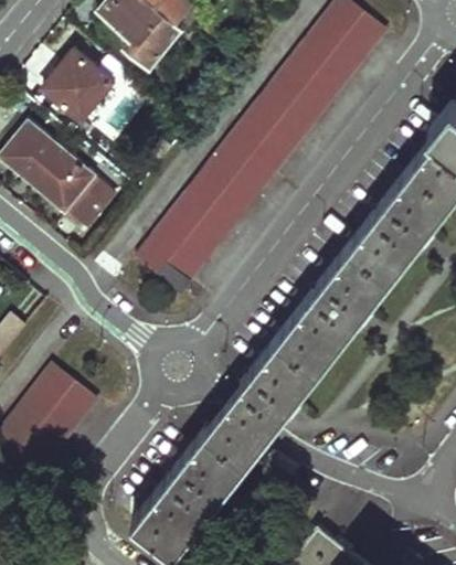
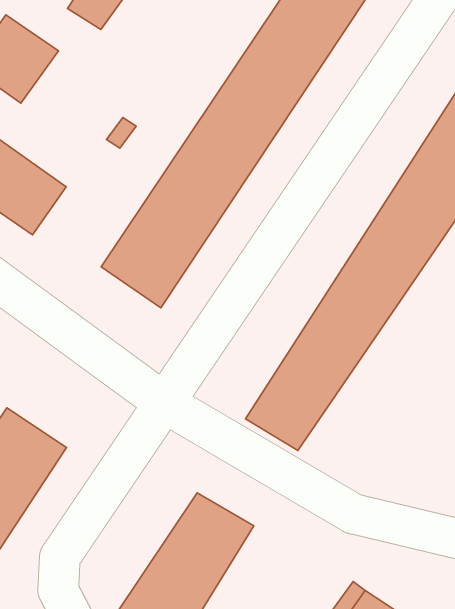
building: [199,386,282,472] -> none

